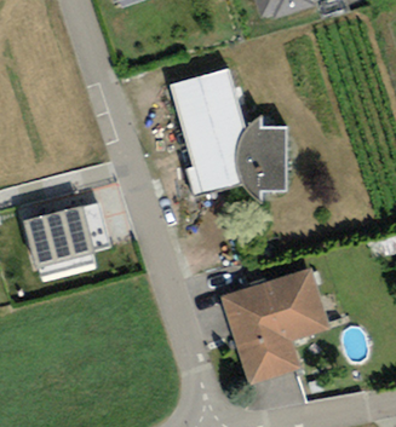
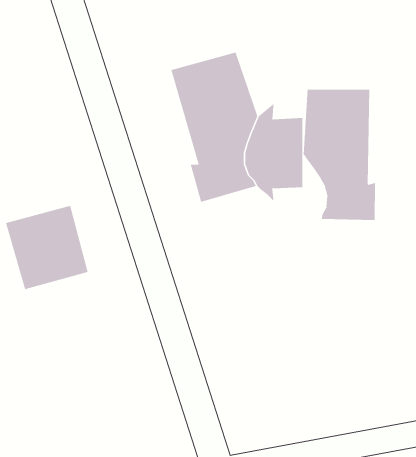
building: none -> [303,89,376,221]
building: [218,265,328,381] -> none

